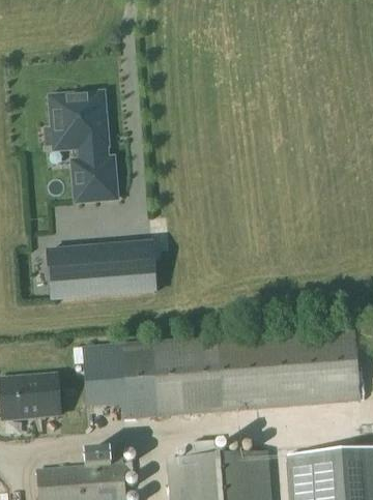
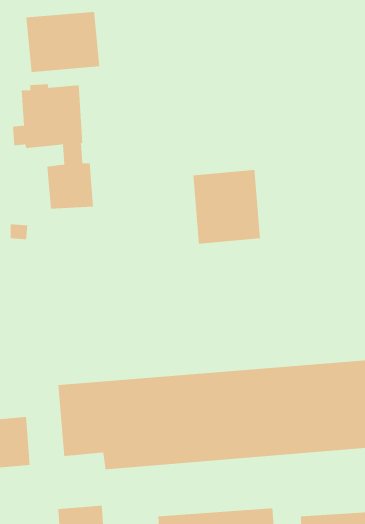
building: none -> [26,11,100,73]
building: none -> [193,169,260,245]
building: [49,240,155,298] -> none

